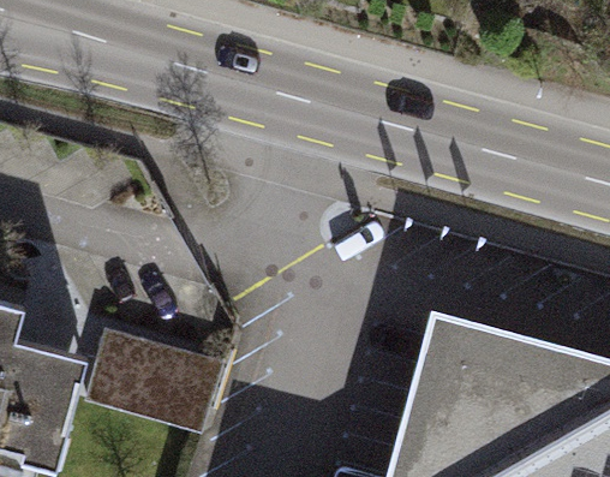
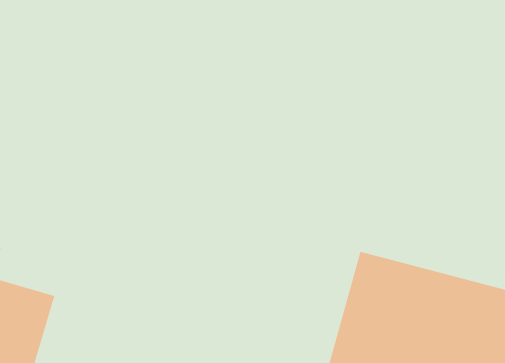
building: [89,327,222,428] -> none

